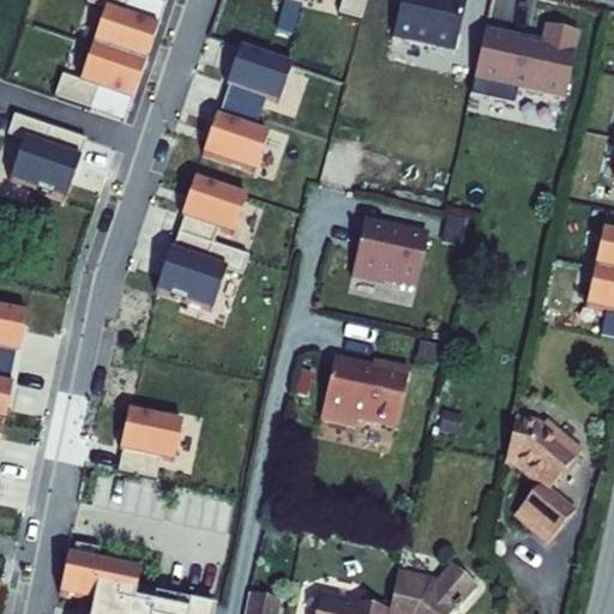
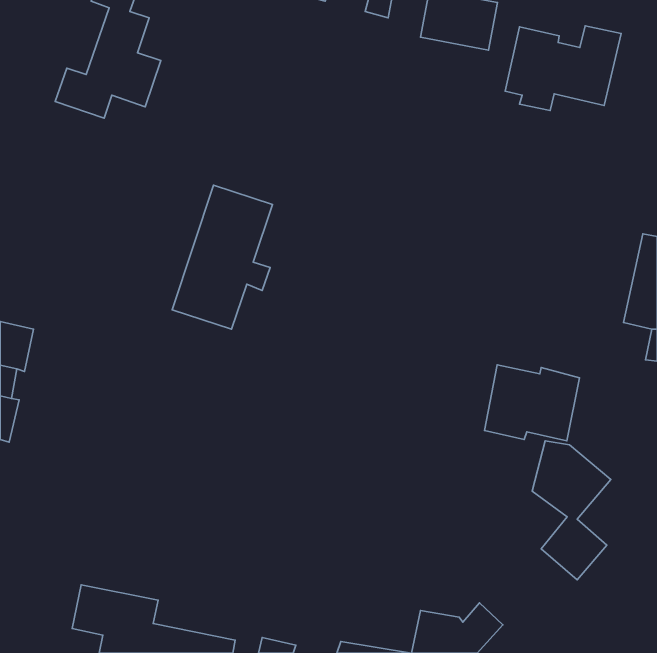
building: [206,42,296,168] -> none
building: [10,113,86,194] -> none
building: [350,218,434,293] -> none
building: [314,359,403,429] -> [484,365,580,441]
building: [116,405,186,476] -> none

